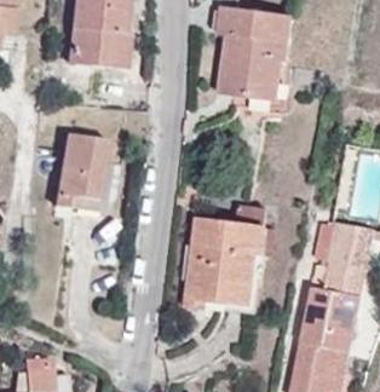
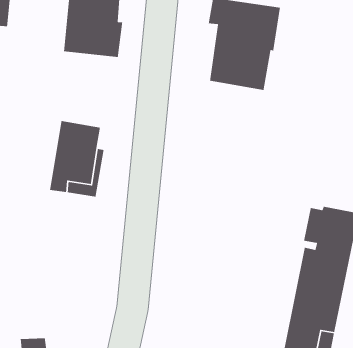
building: [185,203,266,309] -> none

